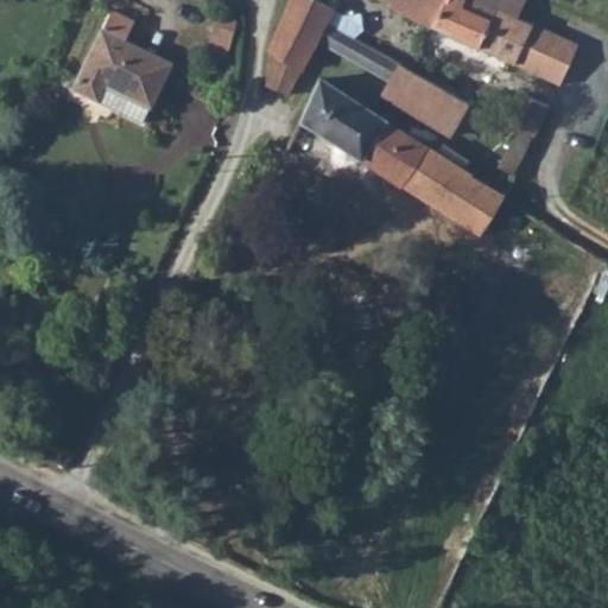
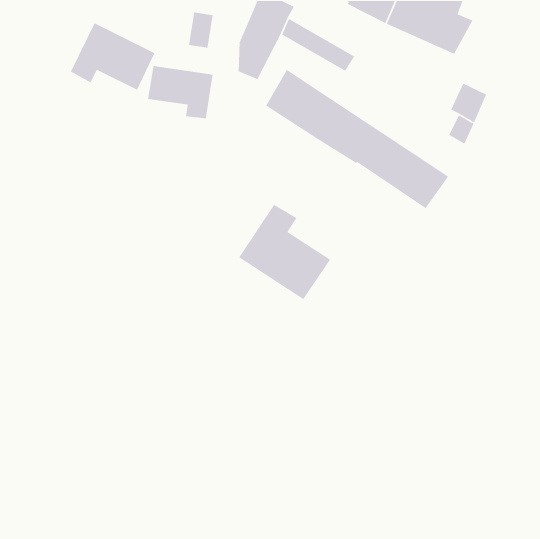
building: [511,24,576,86] -> none
building: [380,64,467,135] -> none
building: none -> [147,65,214,119]
building: none -> [238,204,331,300]

